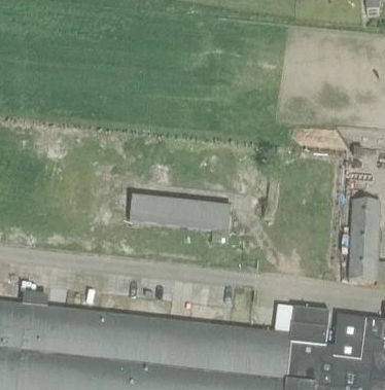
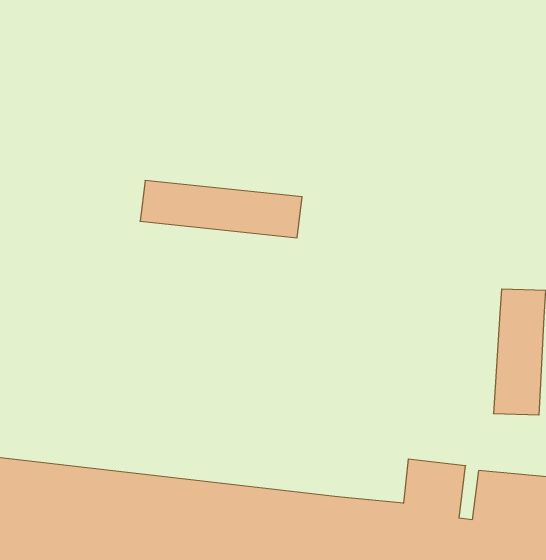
building: [129,194,231,231] -> [140,180,302,238]

